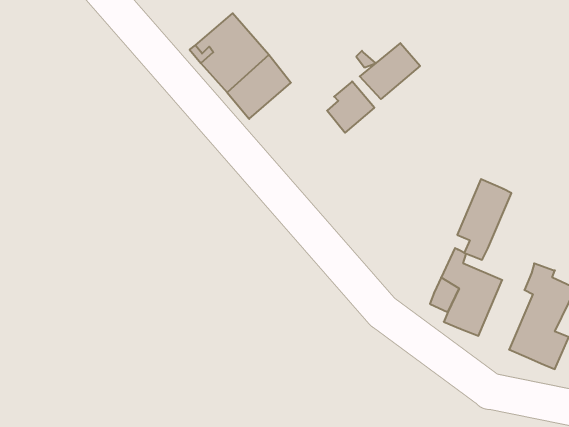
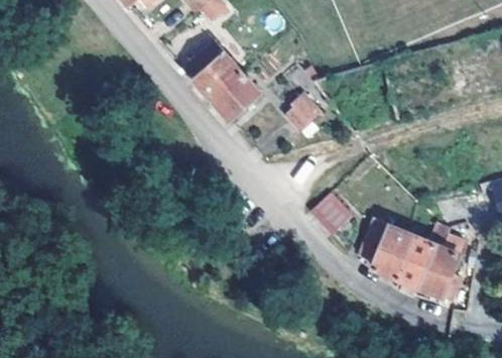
building: [360,43,420,99] -> none
building: [457,179,511,260] -> [396,237,435,295]
building: none -> [311,193,354,235]

